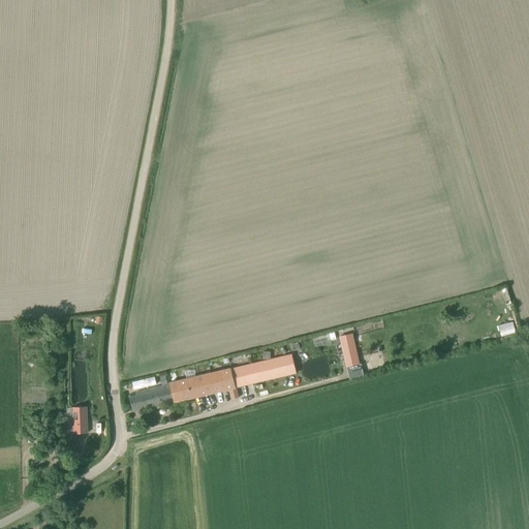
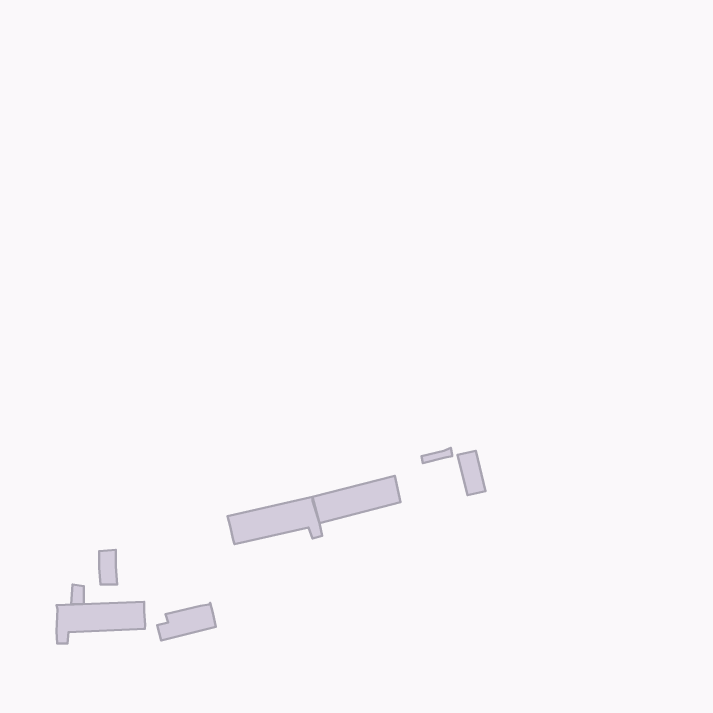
building: [129,382,173,410] -> [157,603,216,641]
building: none -> [56,602,145,643]

